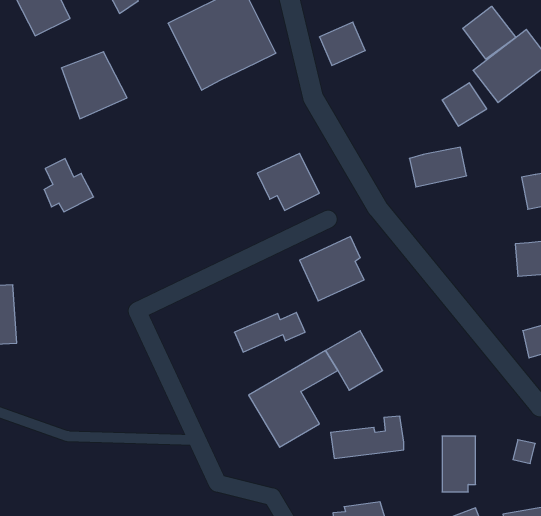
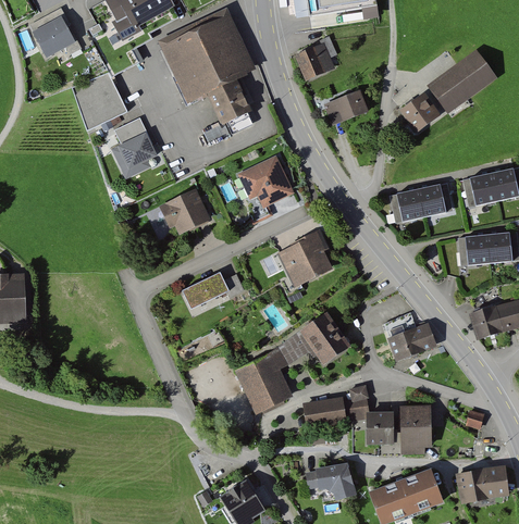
building: [463,6,516,59] -> none
building: none -> [207,78,254,125]
building: none -> [324,92,367,125]
building: [409,147,467,187] -> [396,187,446,222]
building: [44,159,94,212] -> [110,118,153,165]
building: none -> [159,189,209,234]
building: [234,312,305,352] -> [183,273,245,308]
building: none -> [387,323,433,361]
building: none -> [368,411,394,441]

